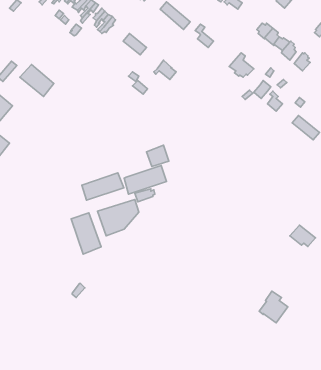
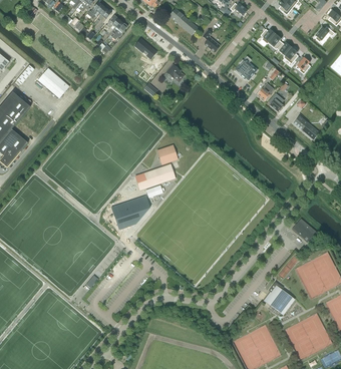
building: [82,173,124,200] -> none
building: [71,213,101,254] -> none

